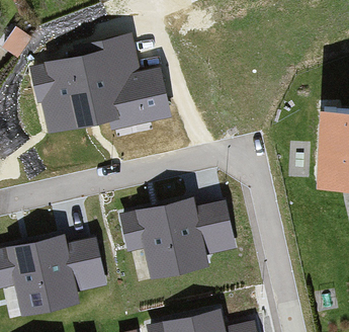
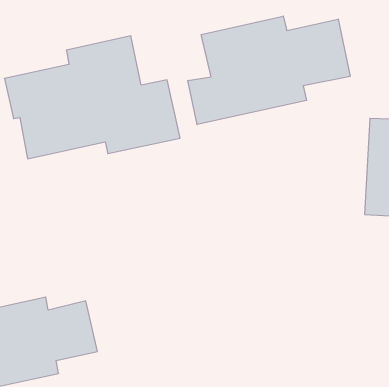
building: none -> [188,16,350,125]
building: [121,201,231,273] -> none

